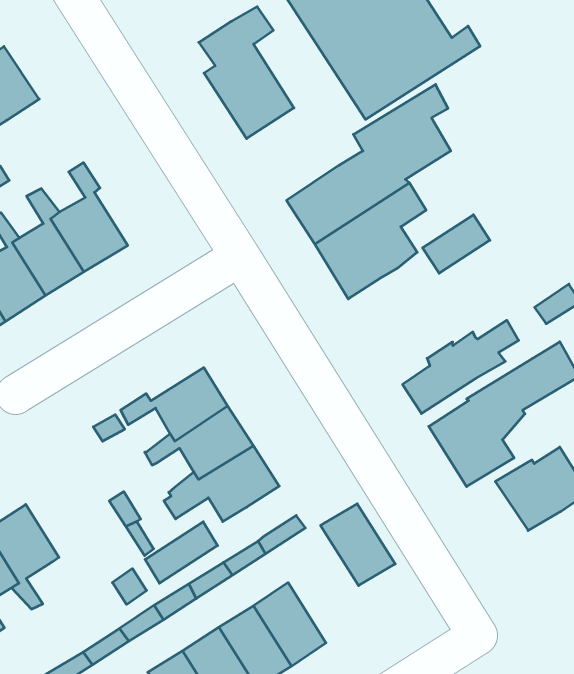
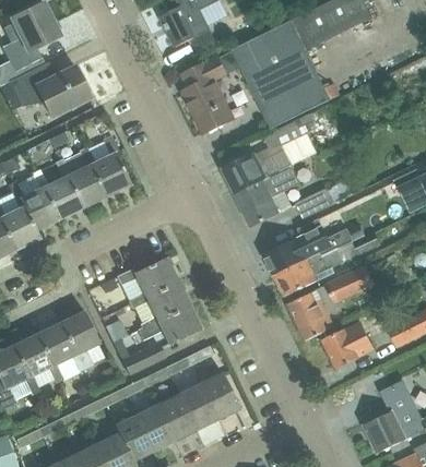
building: none -> [262,218,352,279]
building: none -> [57,311,98,371]
building: [321,504,395,586] -> [199,373,238,419]

